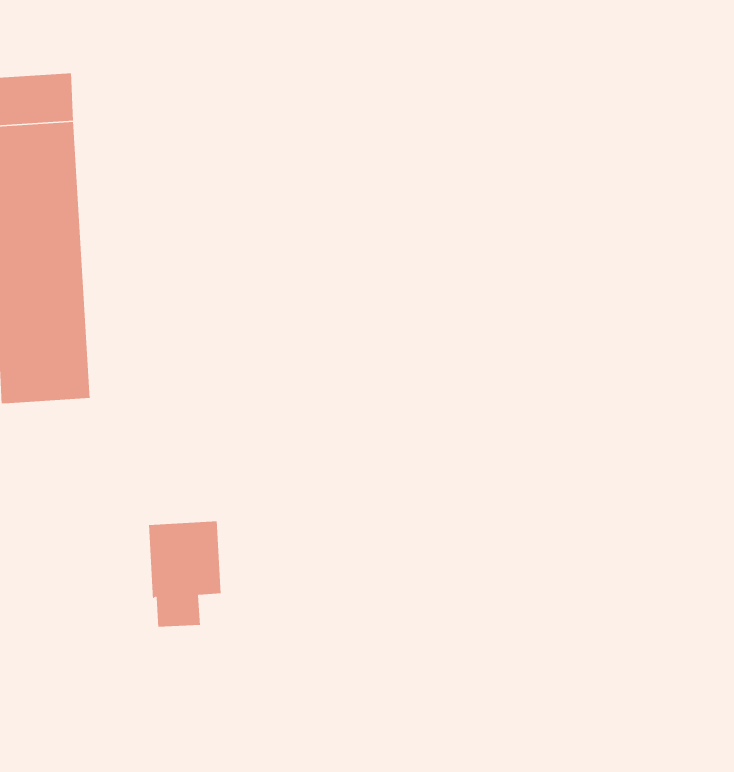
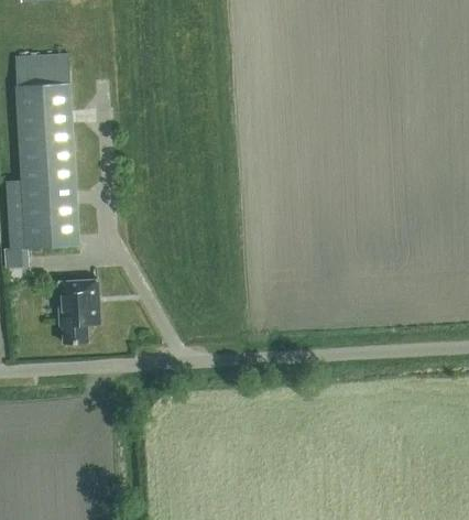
building: [148,521,221,627] -> [57,280,100,343]

